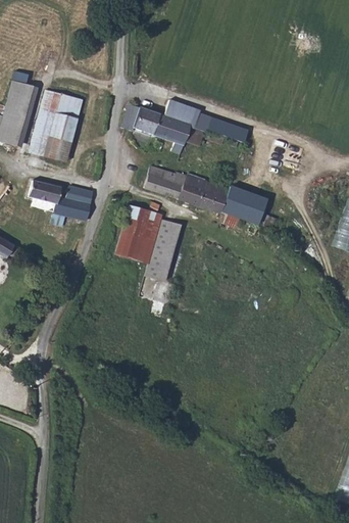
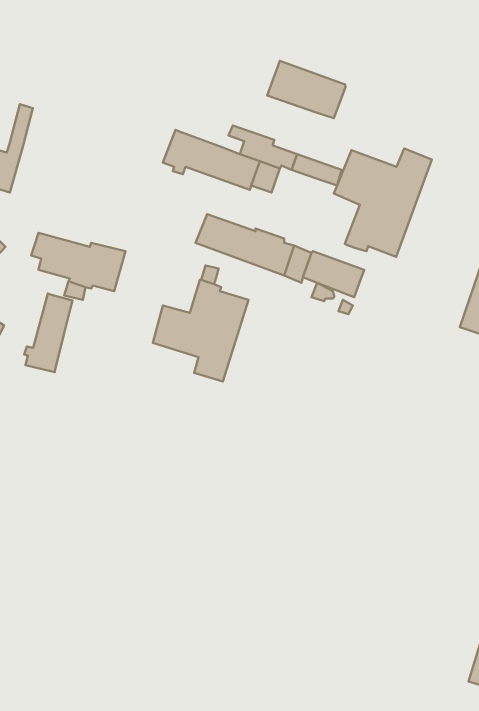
building: none -> [267,61,345,118]
building: [28,88,85,159] -> none
building: none -> [334,149,432,257]
building: none -> [24,294,73,372]

